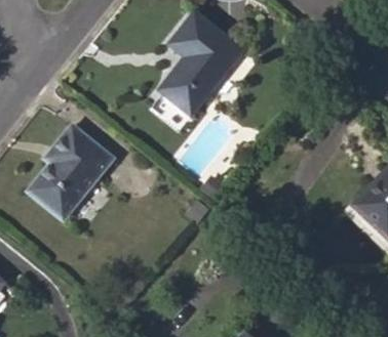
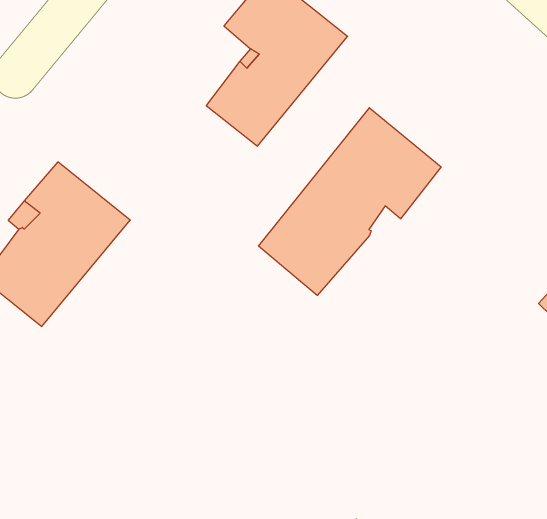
building: none -> [259,108,441,295]

